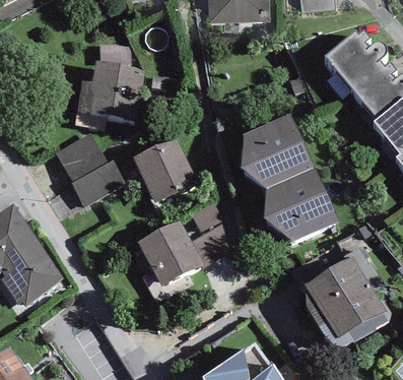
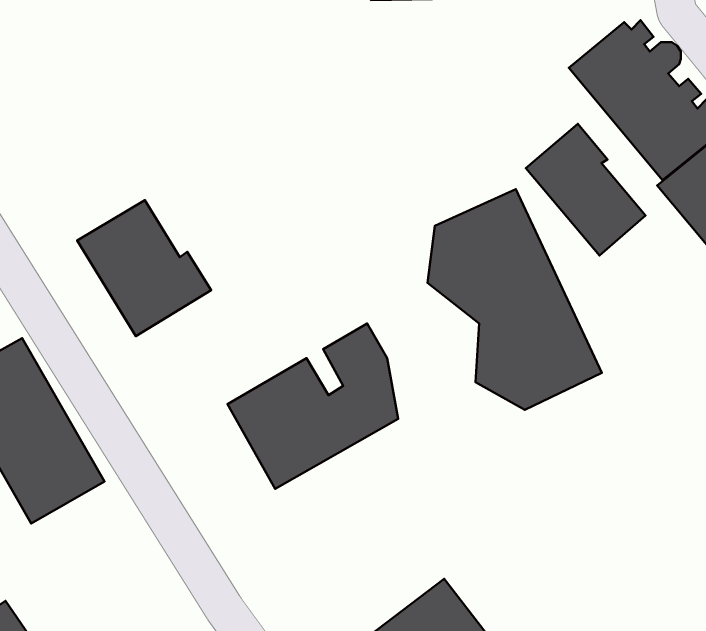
building: [73,61,142,121] -> none
building: none -> [526,124,645,256]
building: [130,137,196,203] -> none
building: [301,255,384,340] -> none

